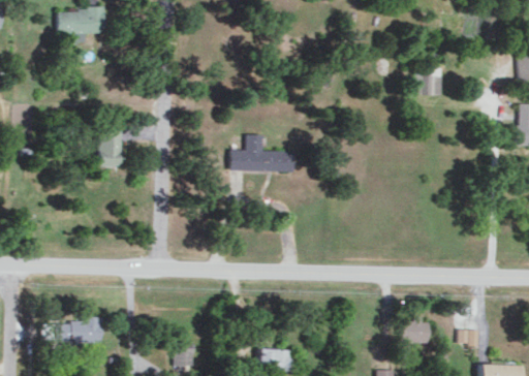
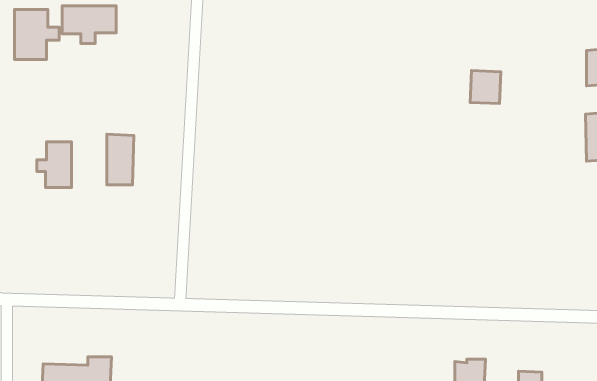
building: none -> [14,10,59,60]
building: none -> [37,142,71,187]
building: [229,134,292,171] -> none

